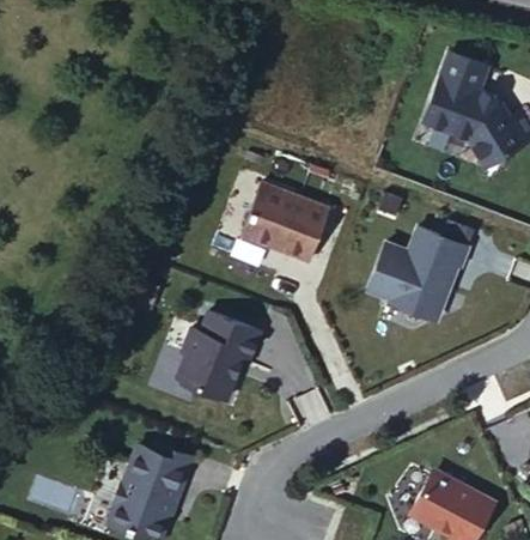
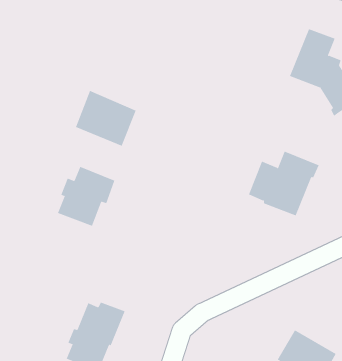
building: [240,180,328,260] -> [75,90,136,146]
building: [176,309,258,395] -> [57,166,115,227]

